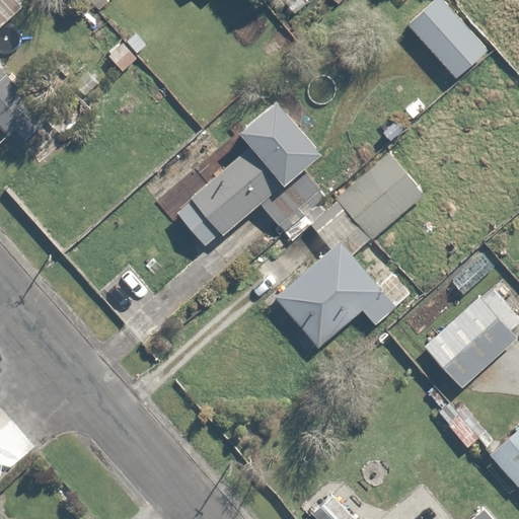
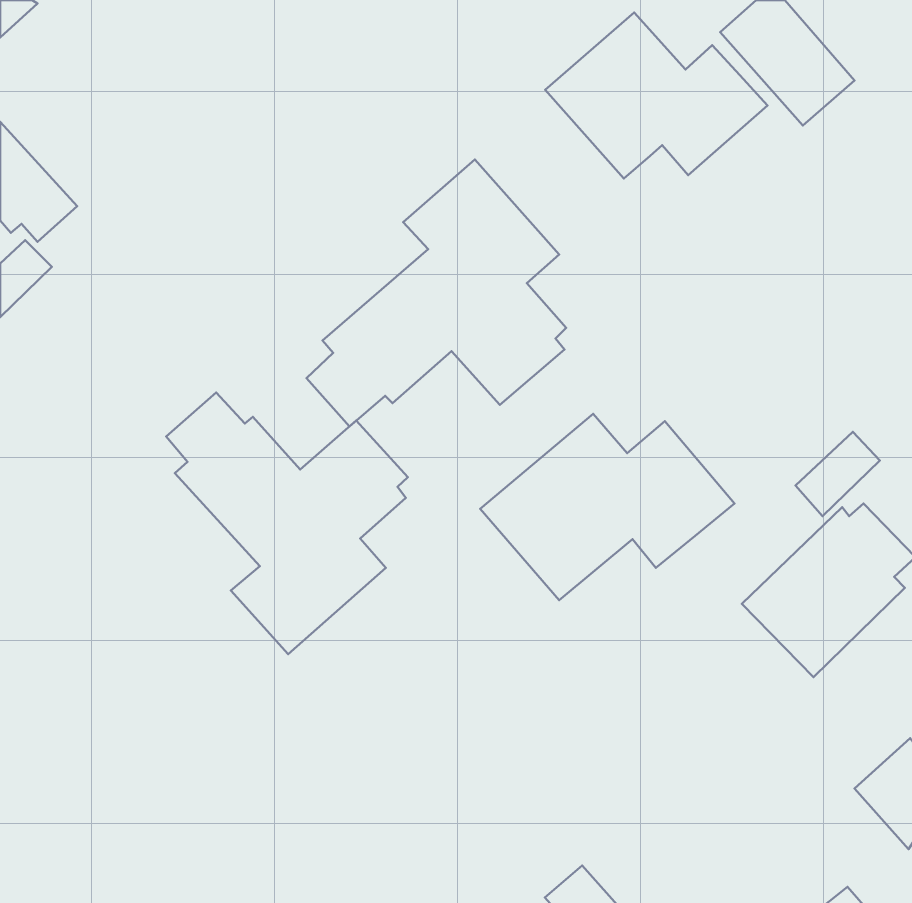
building: none -> [545,13,767,178]
building: [324,153,424,256] -> none
building: none -> [166,392,408,654]

